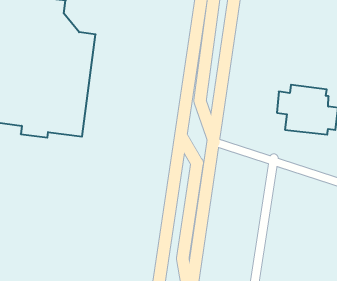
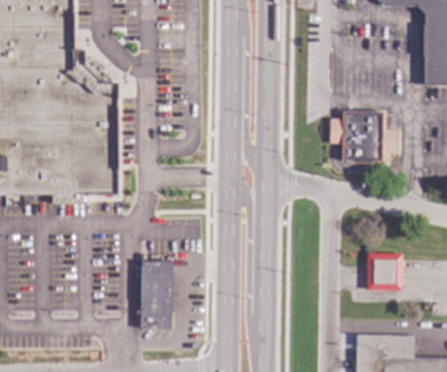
building: none -> [139,260,172,328]
building: none -> [366,252,402,290]

